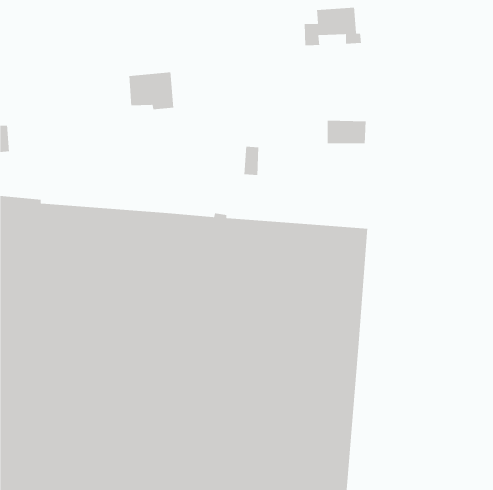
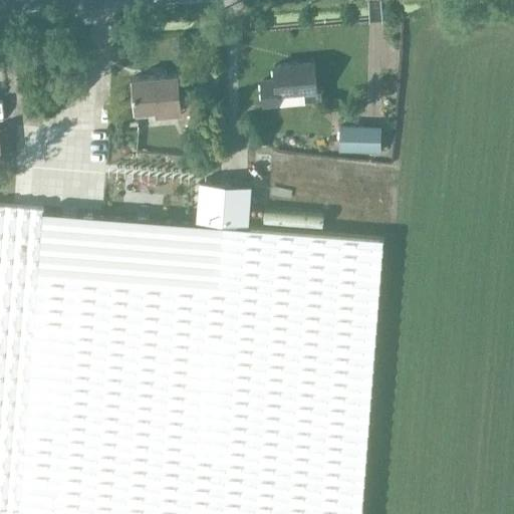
building: [304,7,362,46] -> [261,66,321,107]
building: none -> [197,186,251,227]

